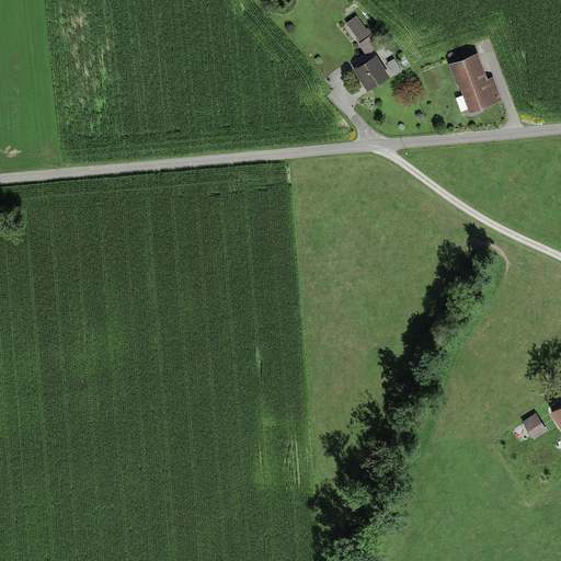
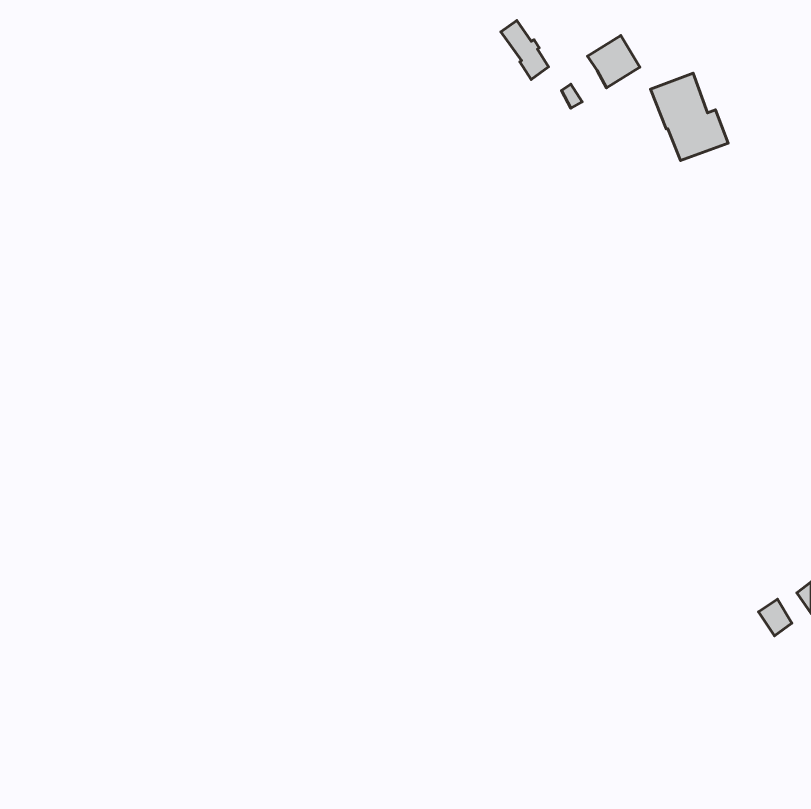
building: [353,56,389,92] -> [587,36,640,88]

